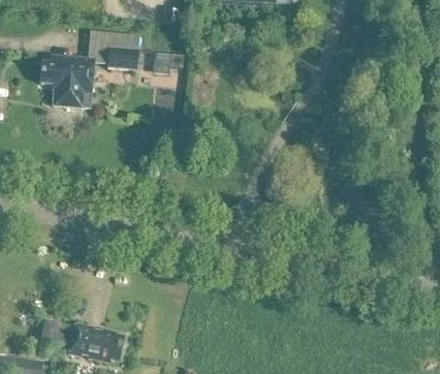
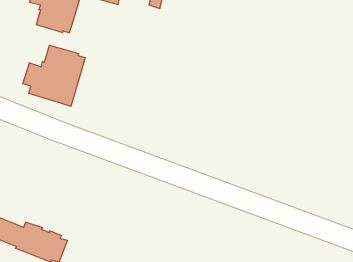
building: none -> [23,45,85,106]

